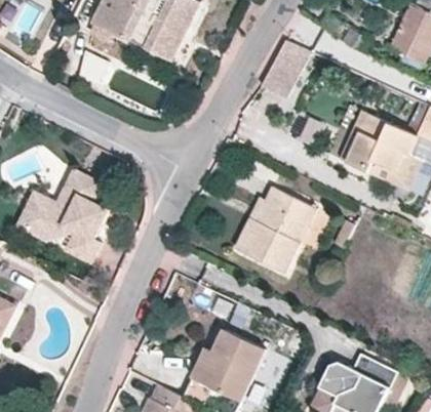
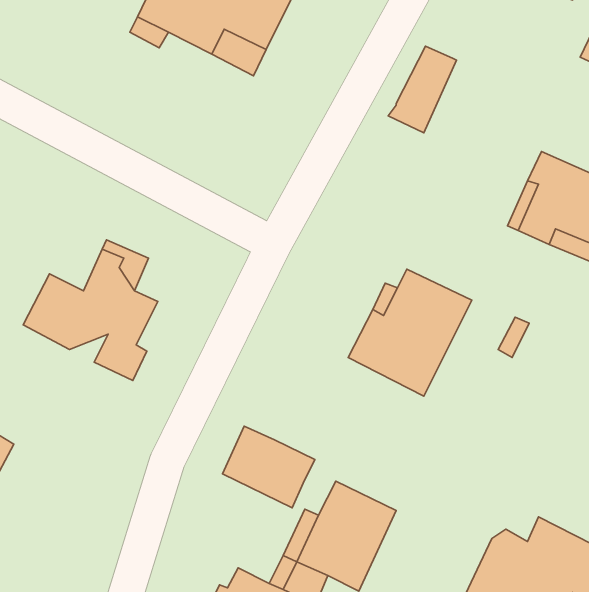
building: none -> [222,426,315,508]

